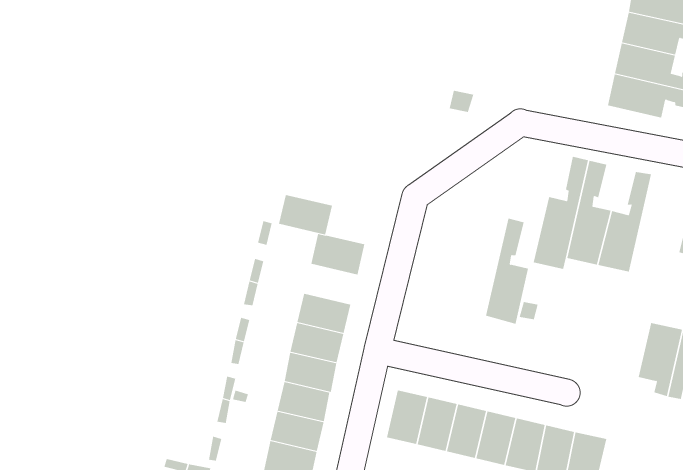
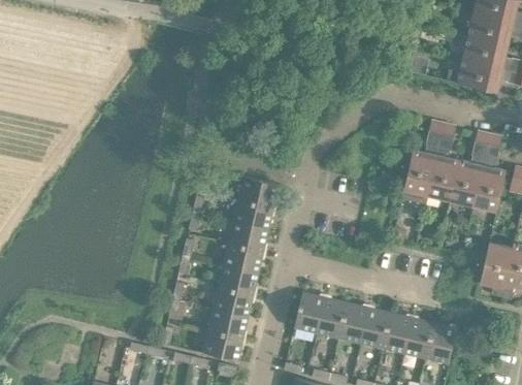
building: [278,194,333,235] -> [232,199,272,229]
building: [485,218,529,324] -> [472,133,504,212]

